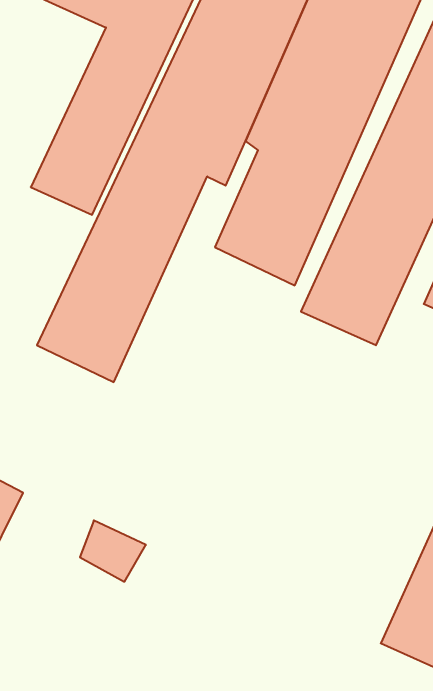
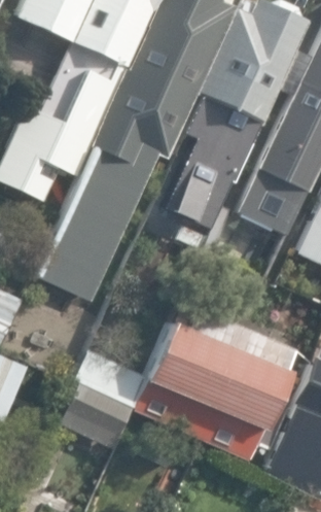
building: none -> [146,331,294,440]

